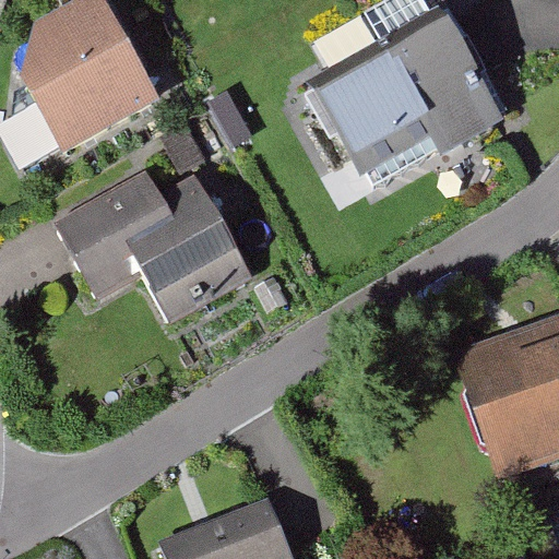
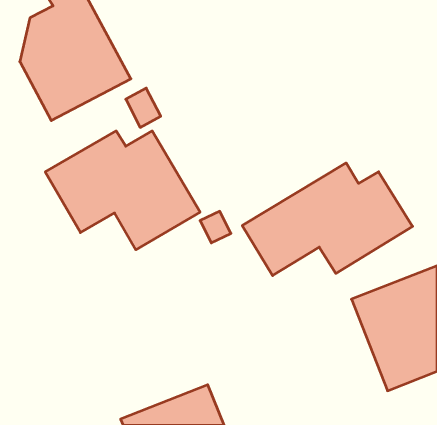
building: [292,5,504,187] -> none
building: none -> [242,163,413,276]

